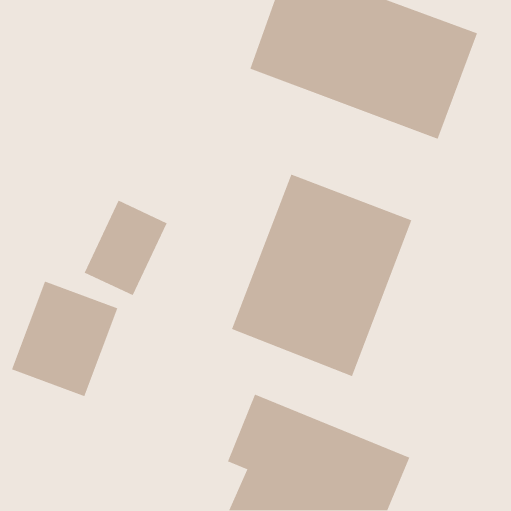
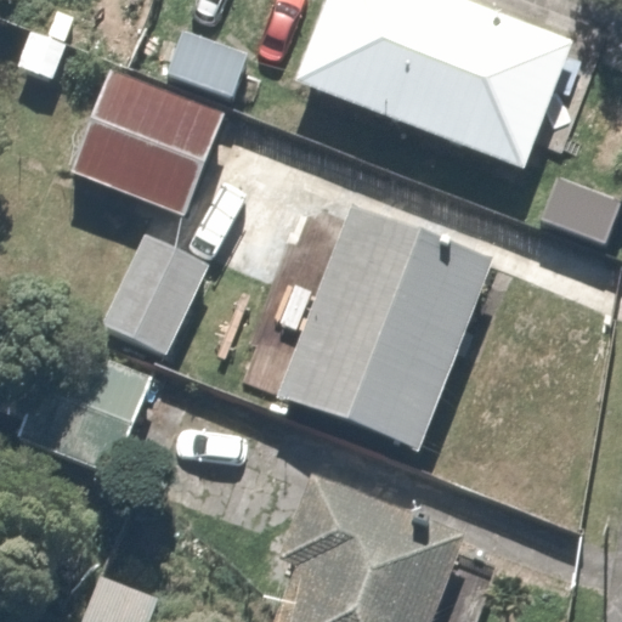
building: none -> [67,69,215,220]

